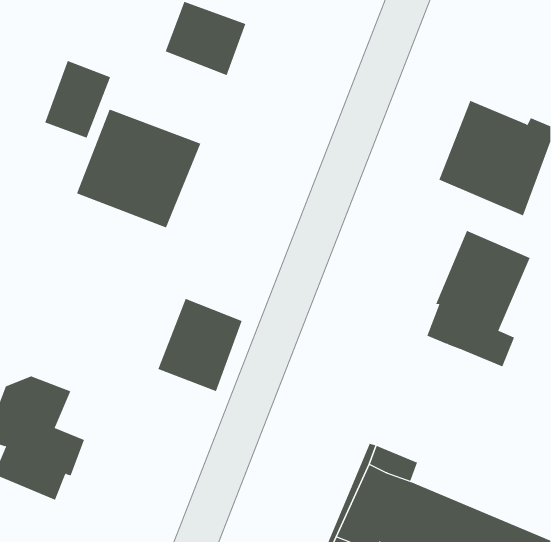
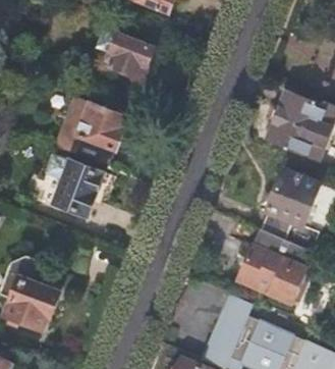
building: [44,60,111,139] -> none
building: [157,298,242,392] -> [51,160,101,215]
building: none -> [237,229,306,301]

